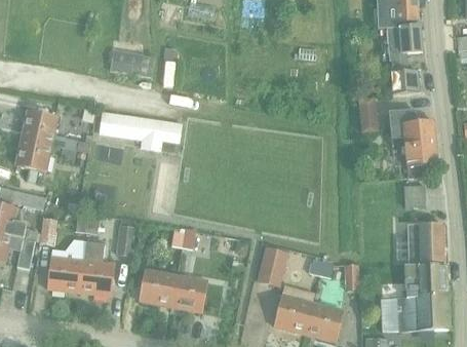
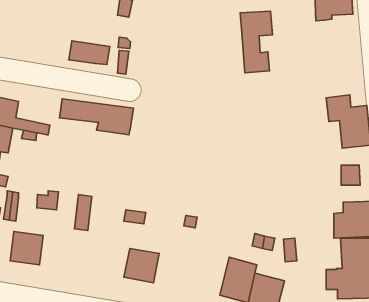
building: [387,26,422,92] -> [240,11,272,73]
building: [79,240,115,296] -> none
building: [257,248,287,286] -> none
building: [139,269,177,306] -> none

